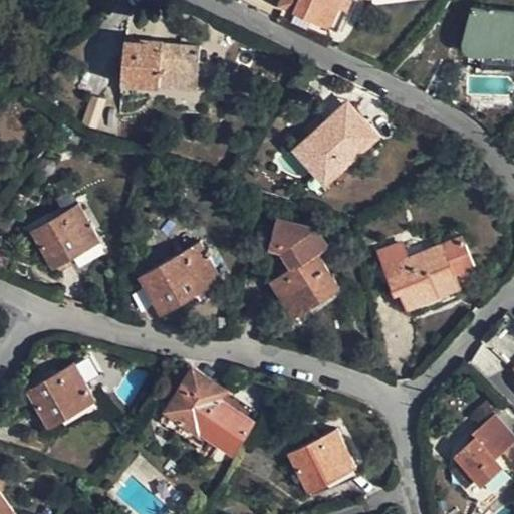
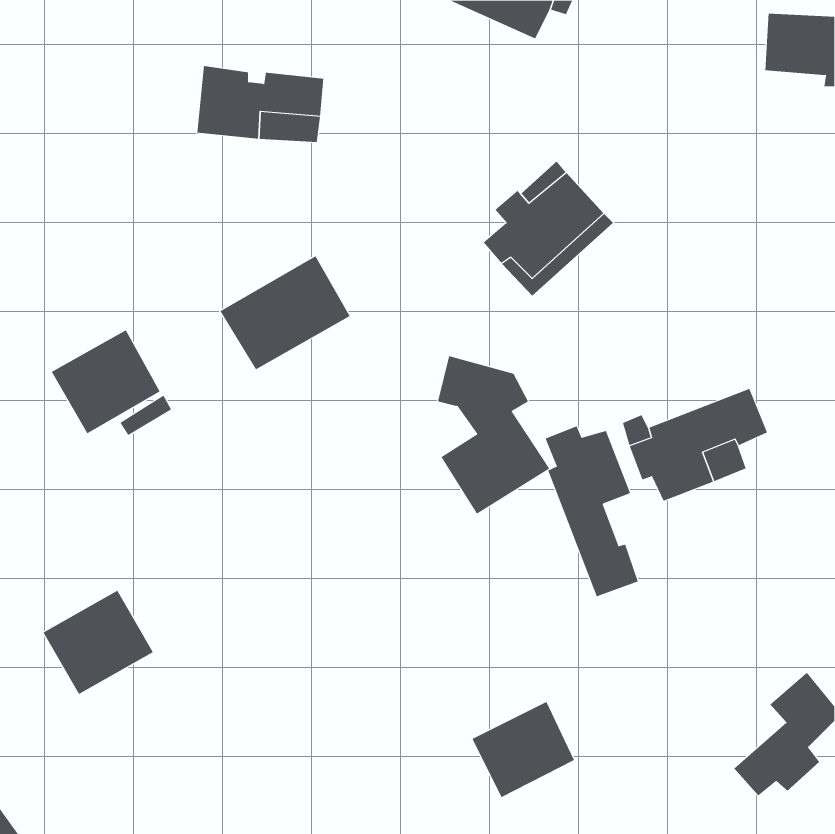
building: [139,243,219,313] -> [219,255,350,370]
building: none -> [545,425,639,597]
building: [164,370,251,453] -> none

